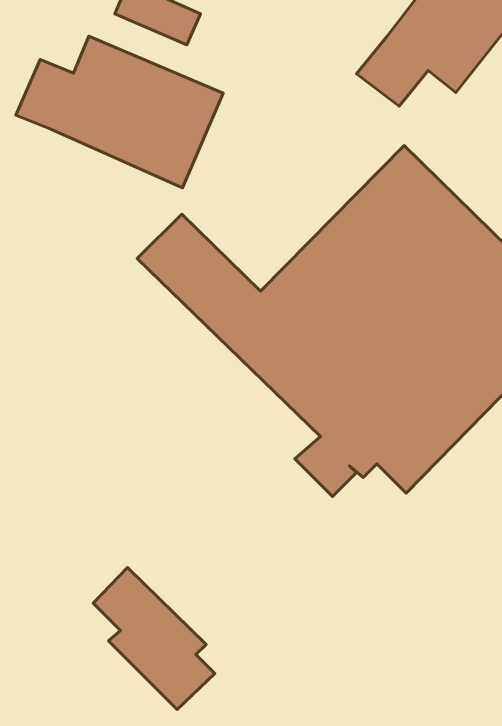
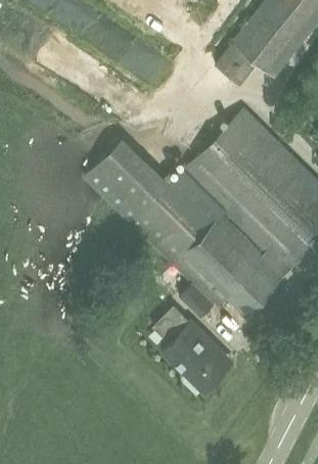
building: [16,36,223,188] -> none
building: [93,567,215,709] -> [155,304,228,388]

